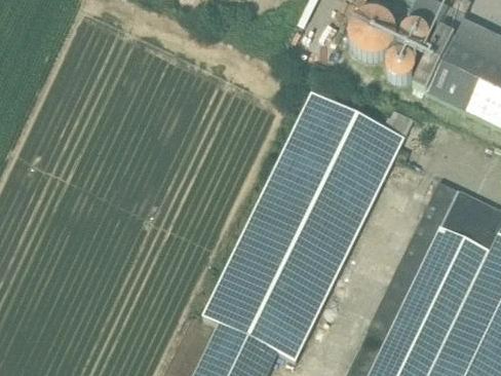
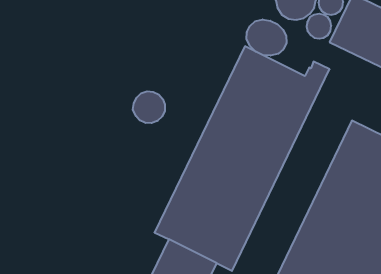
building: none -> [246,19,286,56]
building: none -> [133,91,165,123]

